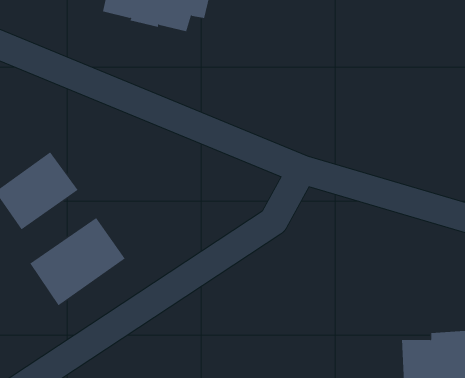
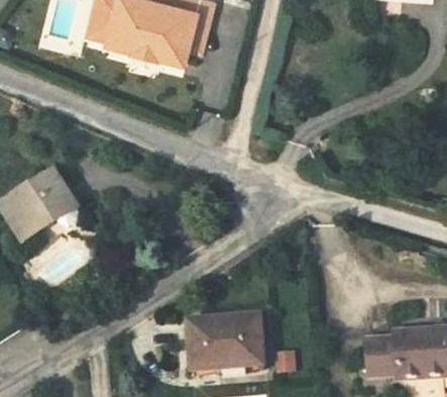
building: [29,217,126,306] -> none
building: none -> [189,307,261,363]

